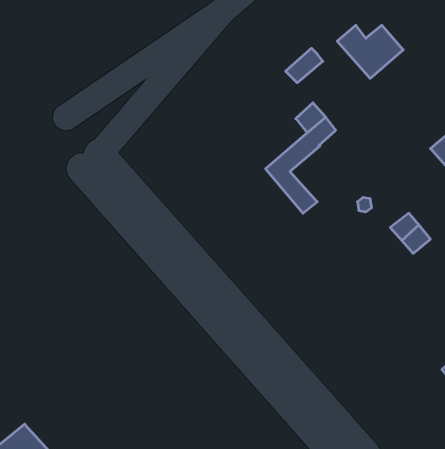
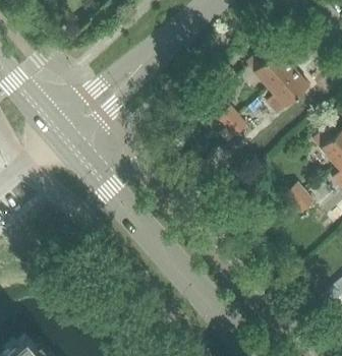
building: none -> [267,68,309,113]

